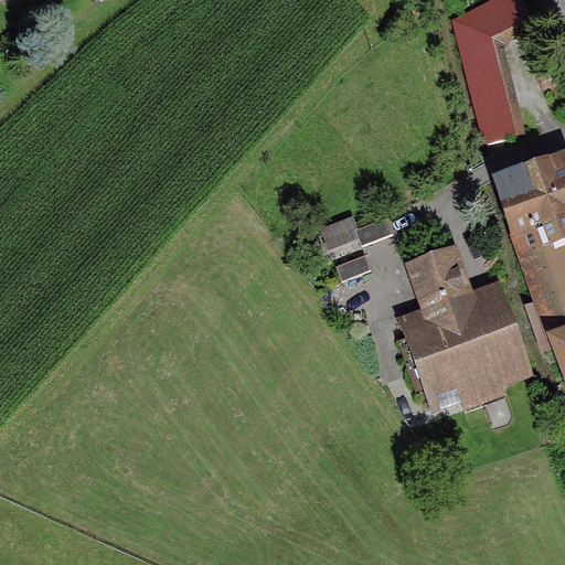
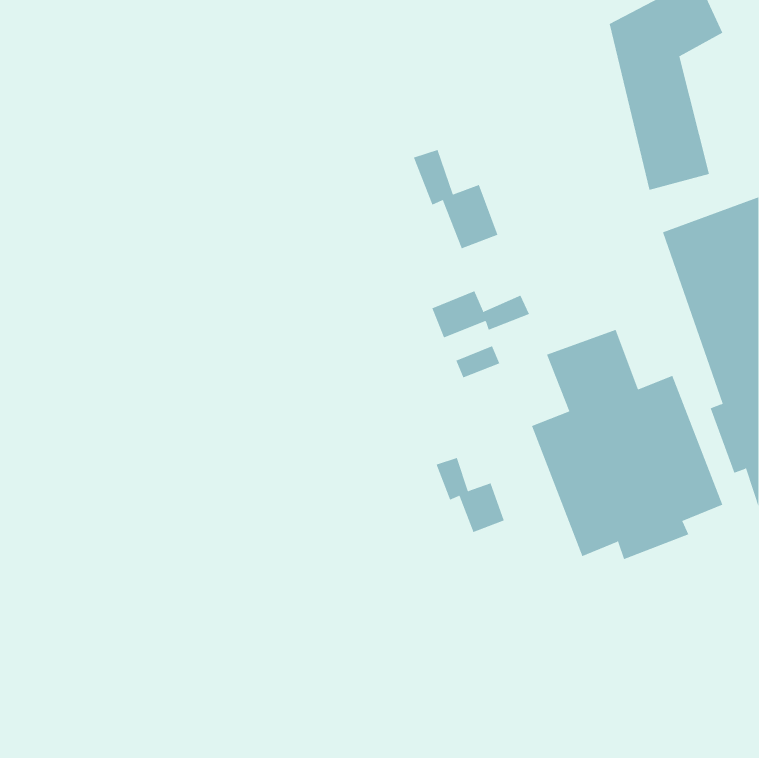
building: none -> [413,149,498,249]
building: none -> [436,457,504,533]

